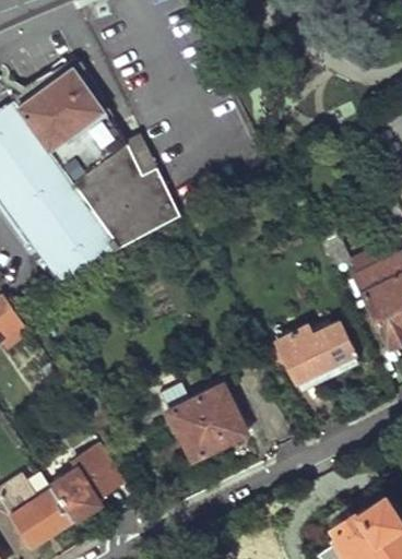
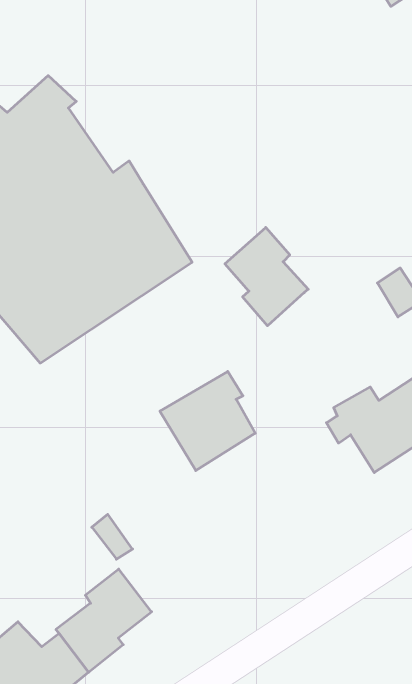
building: none -> [225,227,308,326]
building: [169,385,240,459] -> [160,371,255,471]

